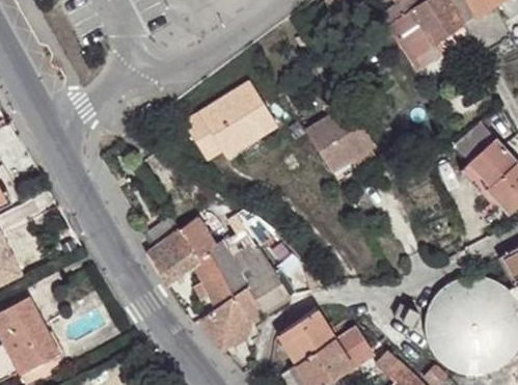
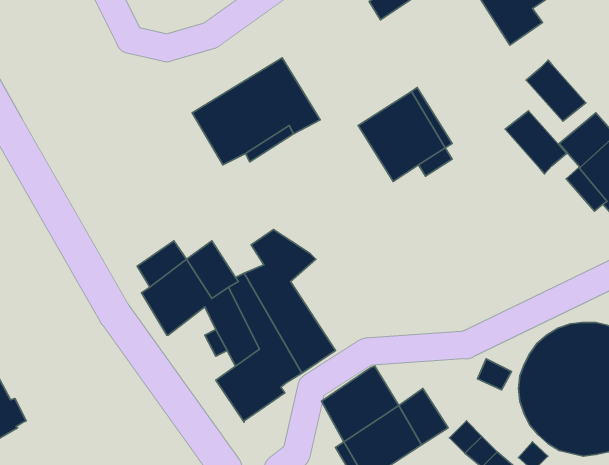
building: none -> [526,60,586,121]
building: none -> [505,111,566,174]

